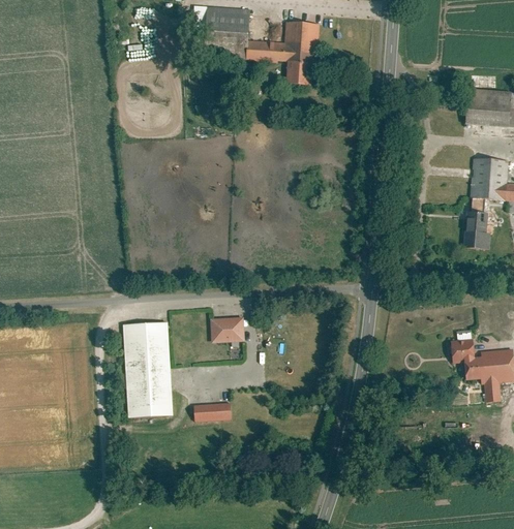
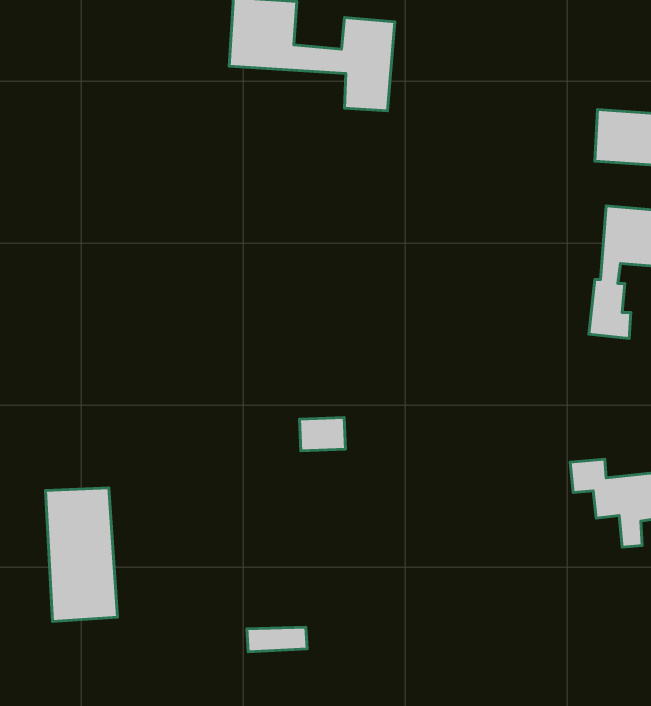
building: [211,317,244,341] -> [299,418,345,451]
building: [122,321,174,417] -> [45,488,117,622]
building: [188,403,232,421] -> [247,627,307,652]

